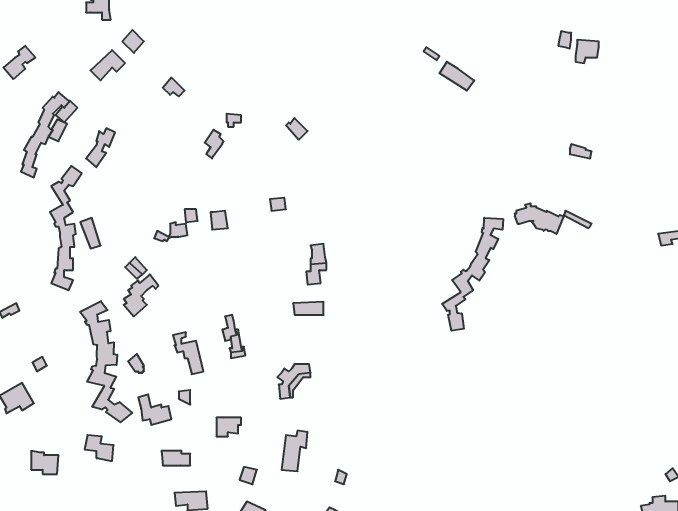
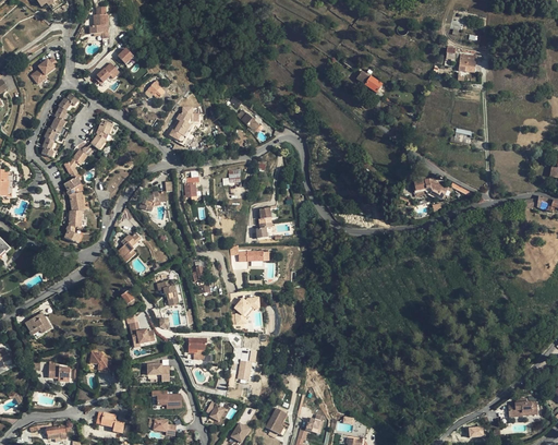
building: [442,218,503,331] -> none
building: [80,301,132,422] -> none

